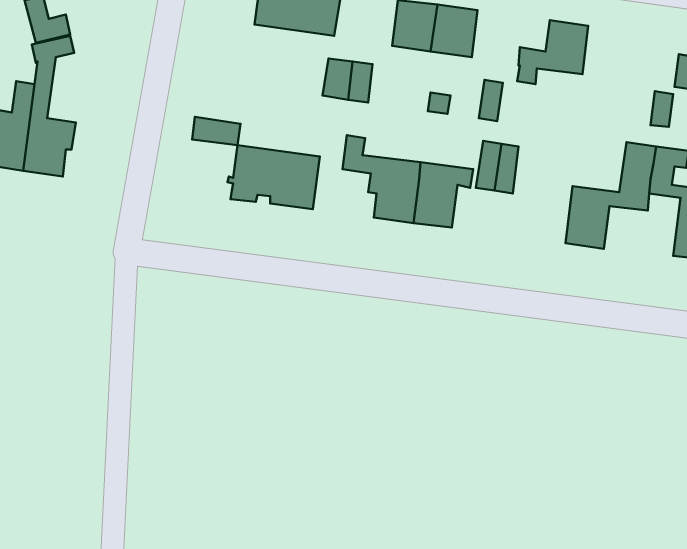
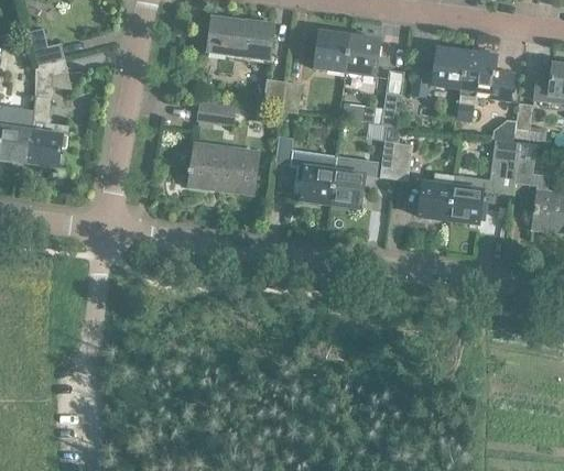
building: none -> [457,51,513,120]
building: [192,117,240,145] -> [197,101,235,123]
building: none -> [417,172,454,219]

